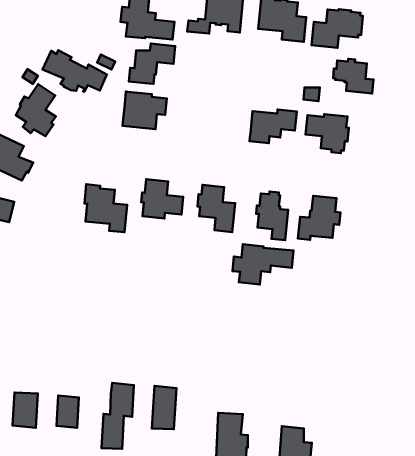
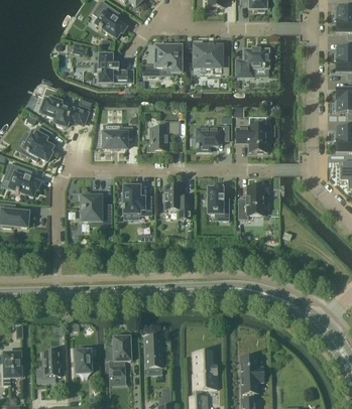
building: [129,44,175,84] -> [147,121,179,150]
building: [333,59,374,93] -> none
building: [233,244,293,284] -> none

